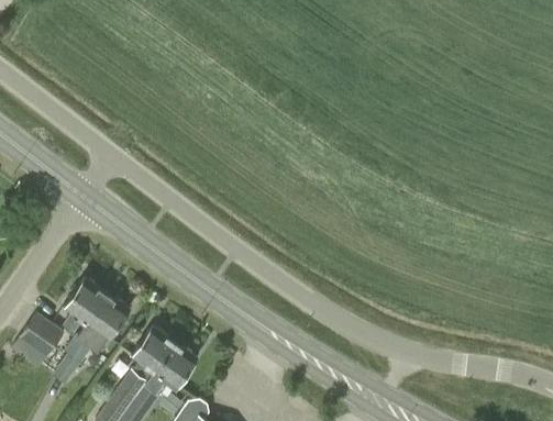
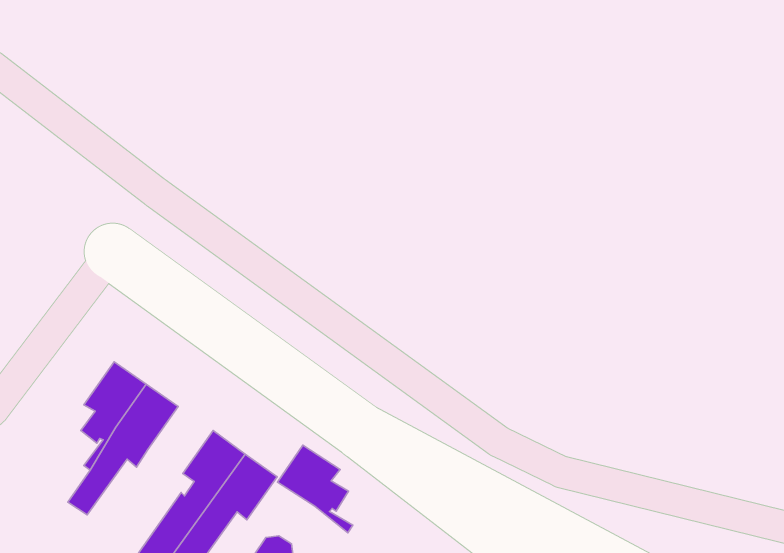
building: [18,314,64,359] -> none
building: none -> [278,445,353,533]

